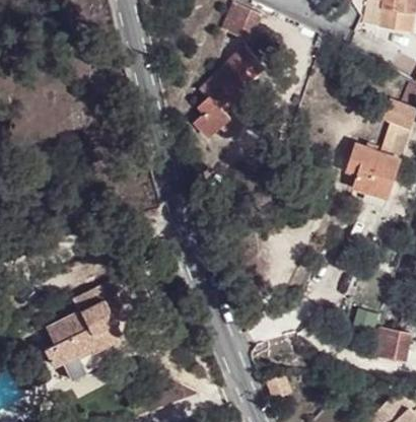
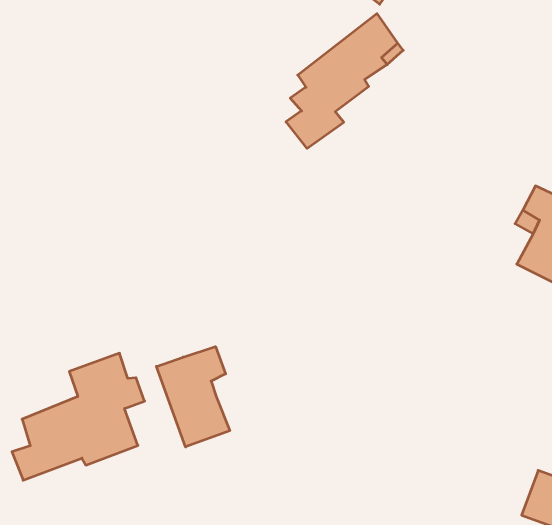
building: none -> [156,347,230,447]

